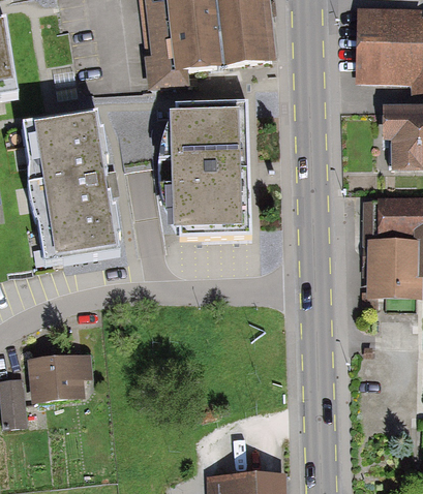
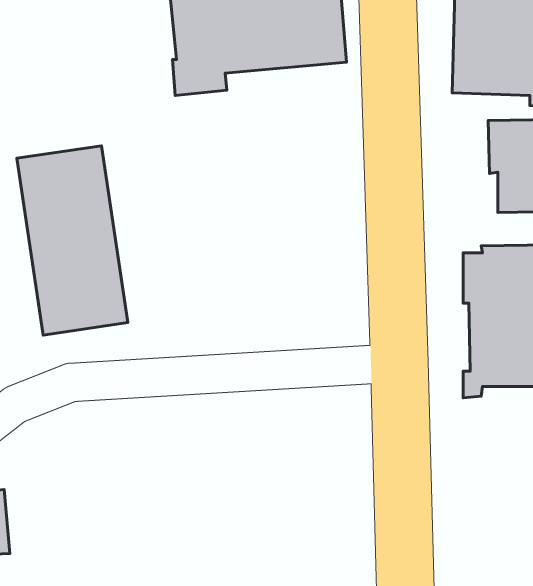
building: [174,112,245,236] -> none
building: [28,351,93,402] -> none

